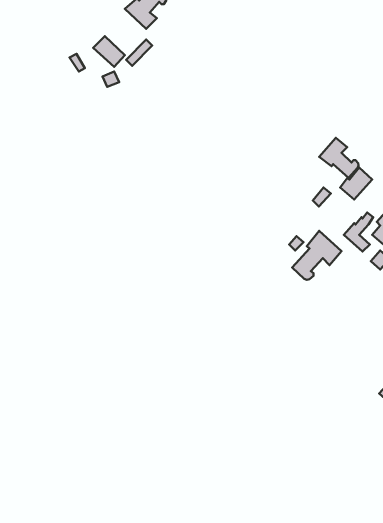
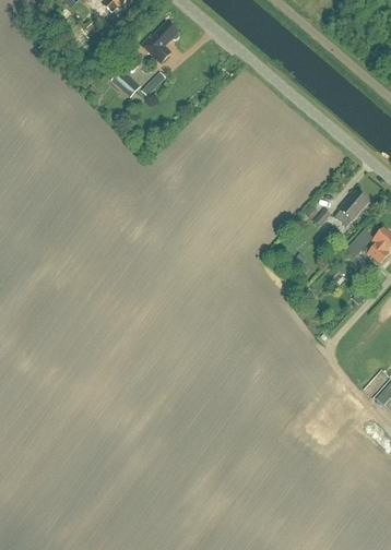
building: [319,138,359,178] -> none
building: [292,231,342,280] -> none

